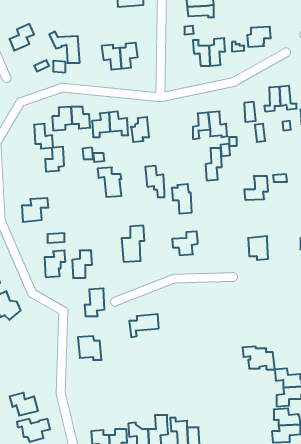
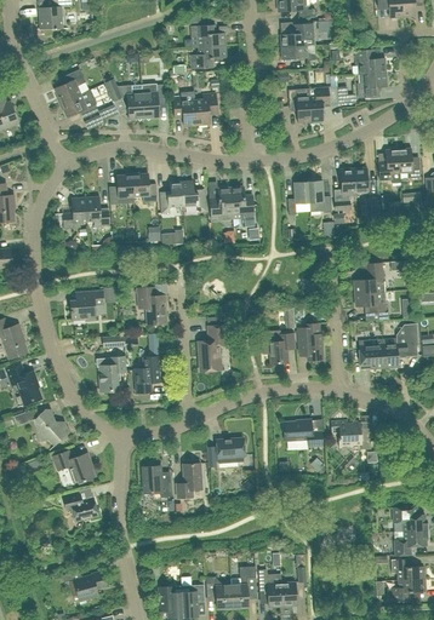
building: none -> [189,45,225,69]
building: none -> [354,48,386,74]
building: none -> [141,84,164,119]
building: none -> [59,90,97,119]
building: [45,147,64,172] -> [62,197,86,229]
building: [206,148,222,180] -> [333,170,354,211]
building: [145,166,164,197] -> [229,186,253,226]
building: [98,167,121,197] -> [136,287,166,325]
building: [172,184,192,214] -> [297,323,322,361]
building: none -> [354,292,388,320]
building: none -> [382,323,417,368]
building: [85,288,104,316] -> [176,463,201,498]
building: none -> [282,419,322,447]
building: none -> [52,450,93,482]
building: [242,347,275,369] -> [330,420,371,449]
building: [10,393,38,416] -> [62,493,98,522]

